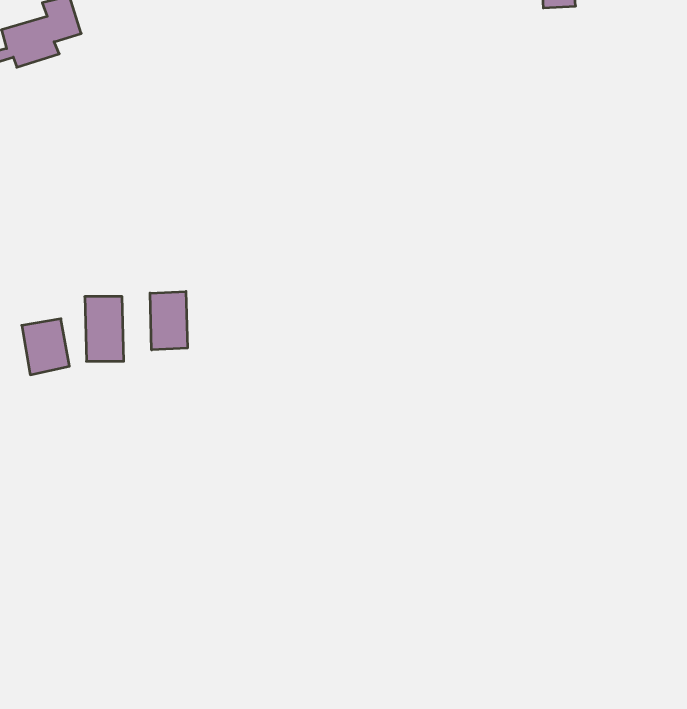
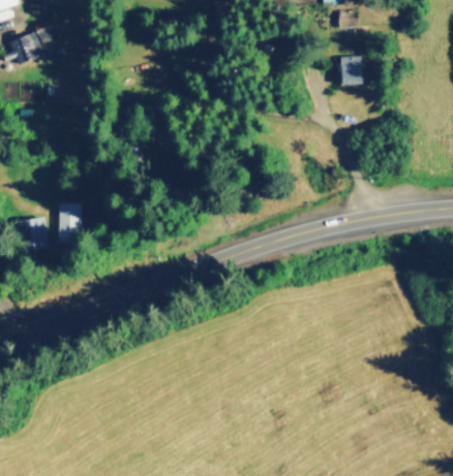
building: none -> [340,56,362,86]
building: [150,291,187,350] -> none

